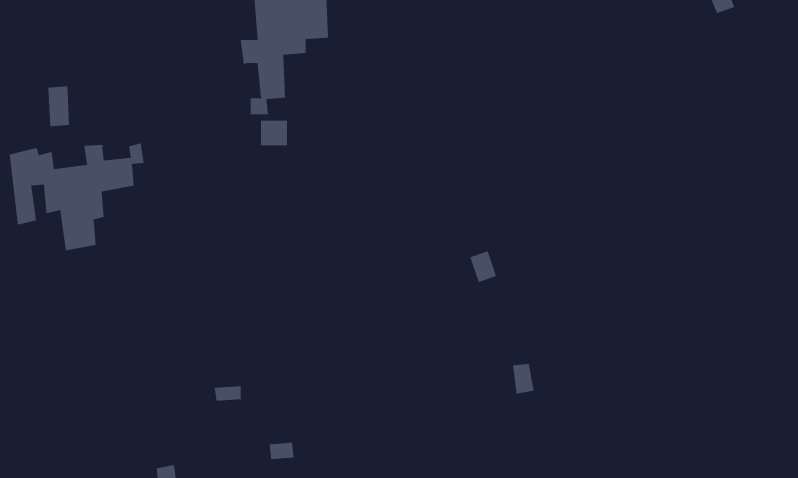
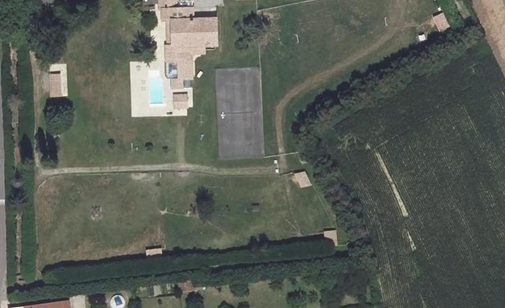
building: [9,143,144,251] -> none

